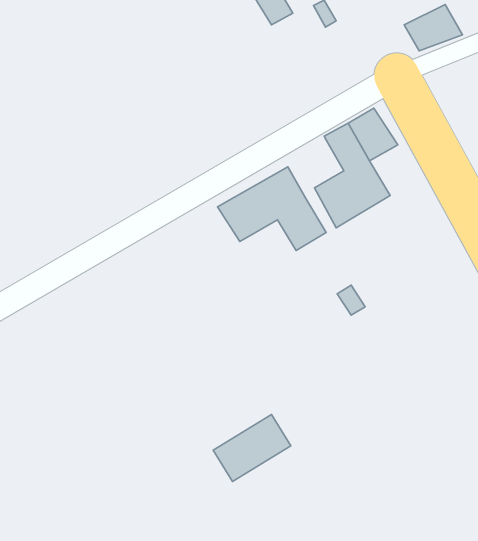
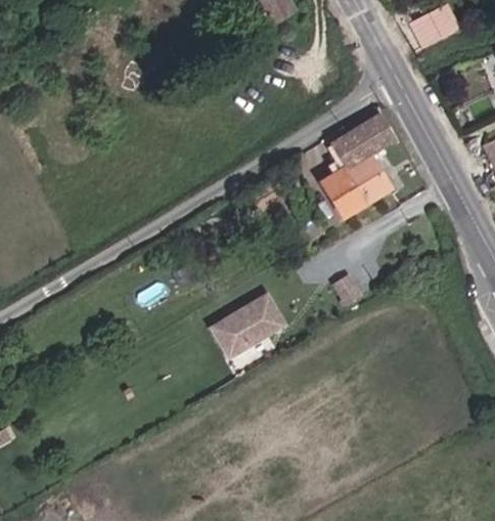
building: [217,167,326,250] -> none
building: [213,415,291,482] -> [217,292,290,355]

